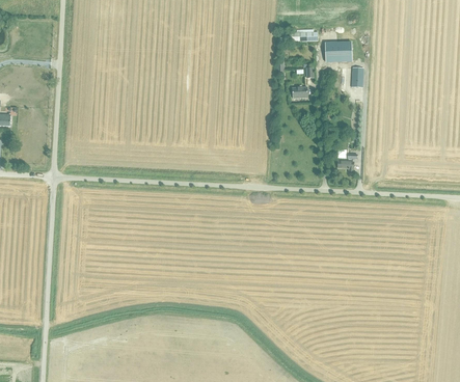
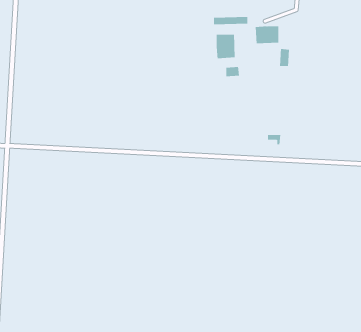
building: none -> [216,34,235,59]

